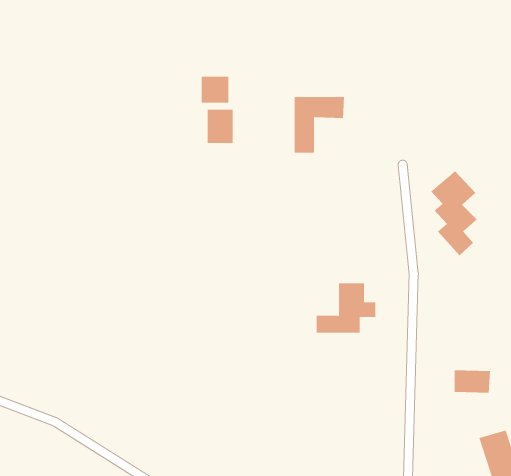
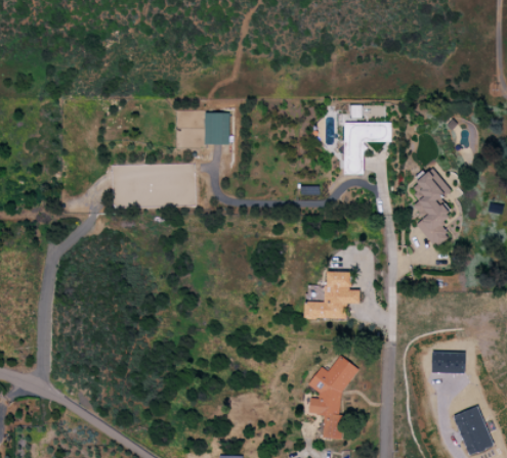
building: [201,76,229,103] -> none
building: [294,96,345,153] -> [344,122,391,174]
building: none -> [308,355,358,439]

